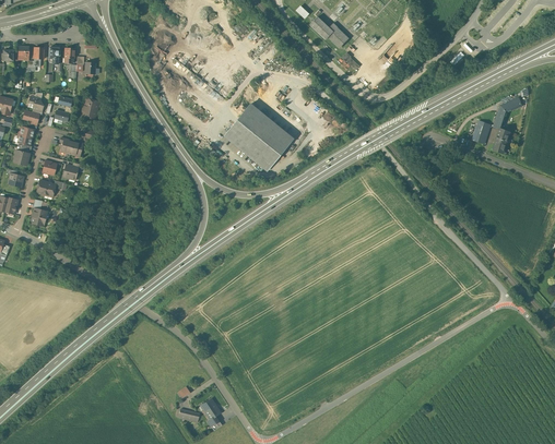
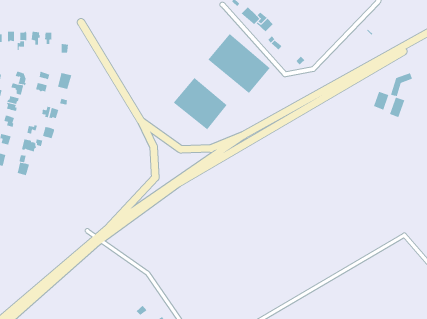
building: none -> [208,33,270,94]

